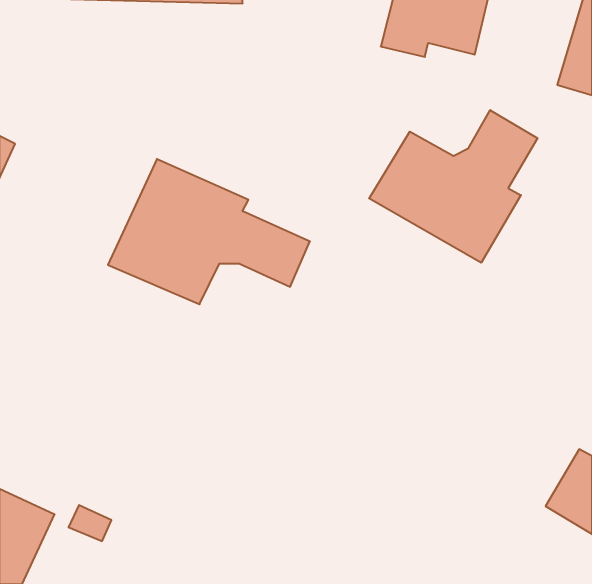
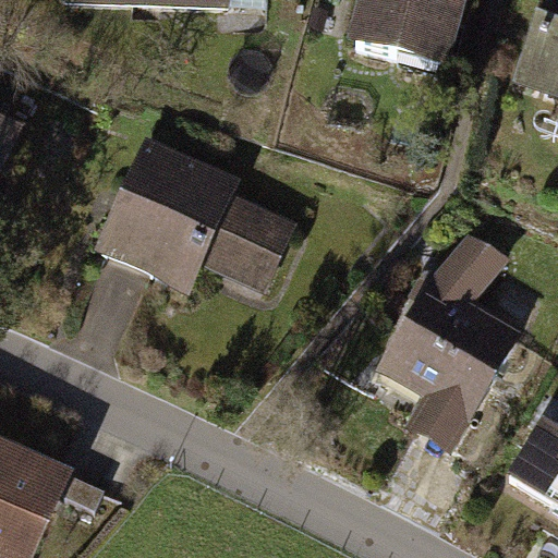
building: [369,110,537,263] -> none
building: none -> [384,238,518,415]

